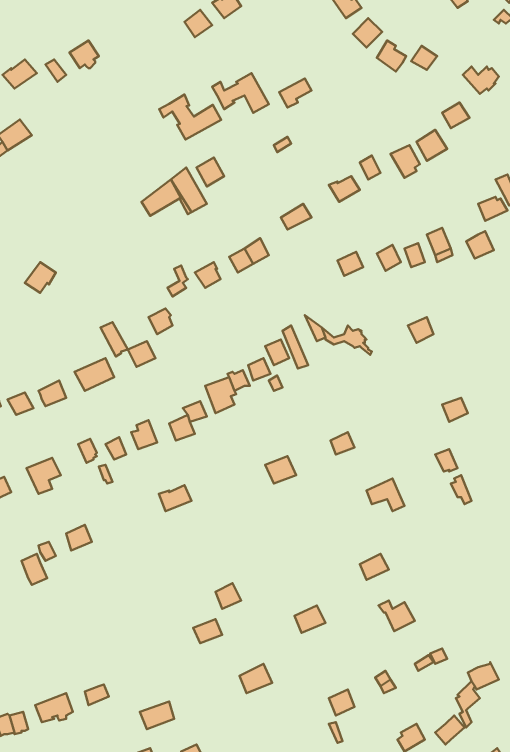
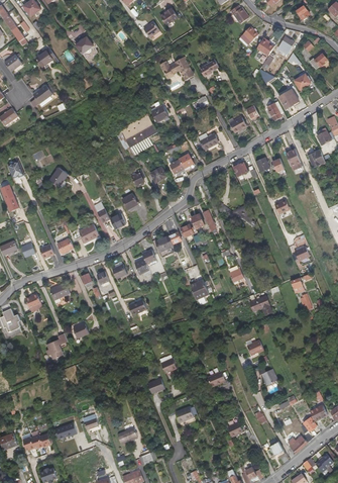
building: [159,95,221,139] -> none

